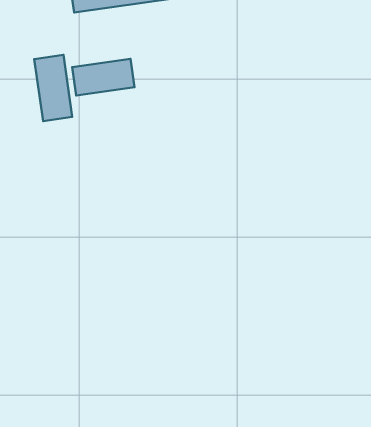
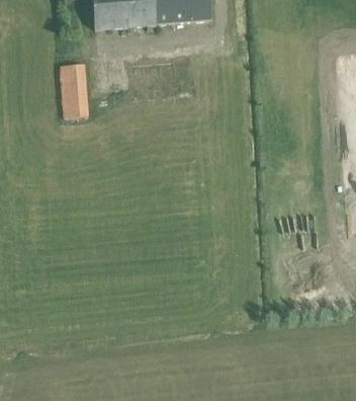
building: [72,59,134,95] -> none

